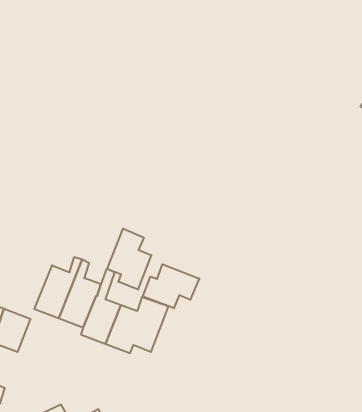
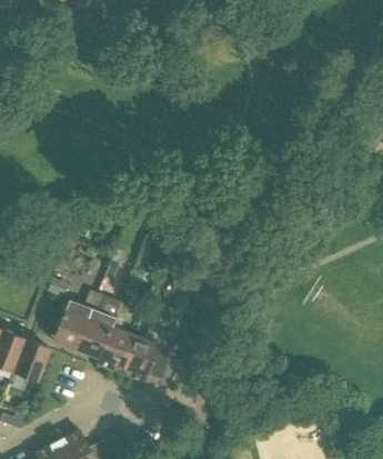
building: [107,229,151,290] -> none
building: [143,264,199,308] -> none

